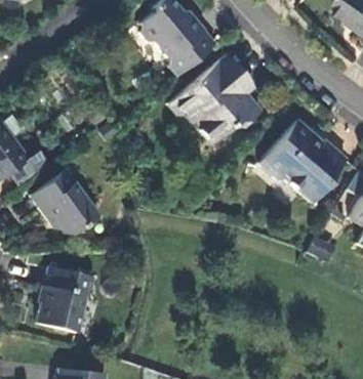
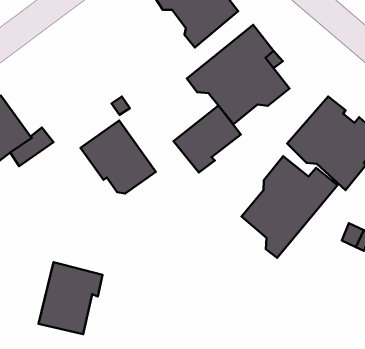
building: none -> [173,106,241,173]
building: [32,172,99,238] -> [81,120,156,193]
building: none -> [241,156,338,258]

